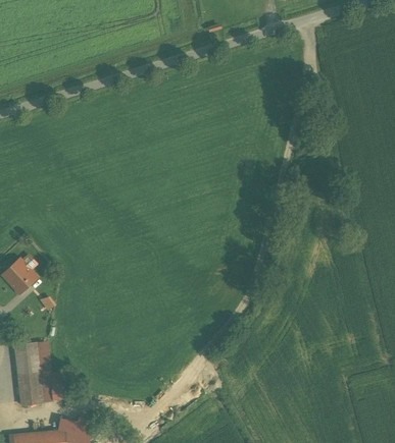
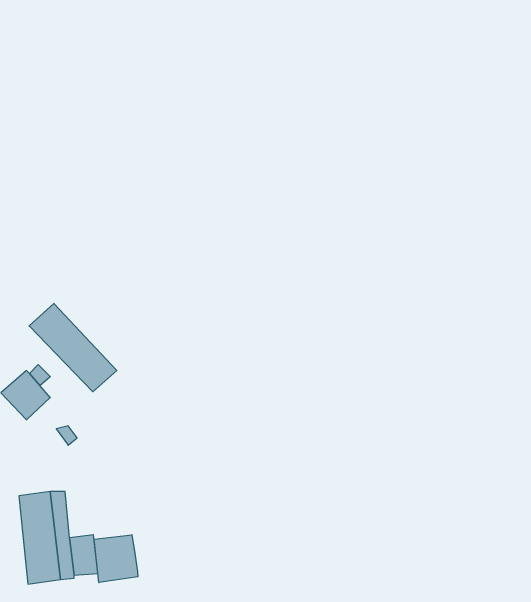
building: none -> [29,303,117,392]
building: none -> [94,535,138,583]

